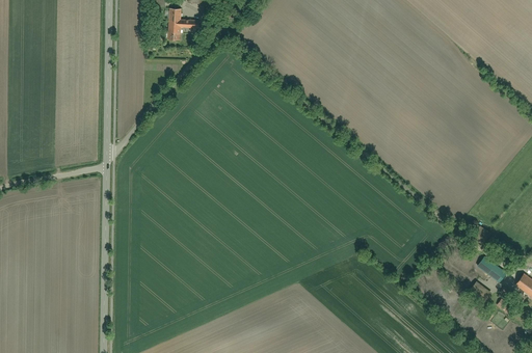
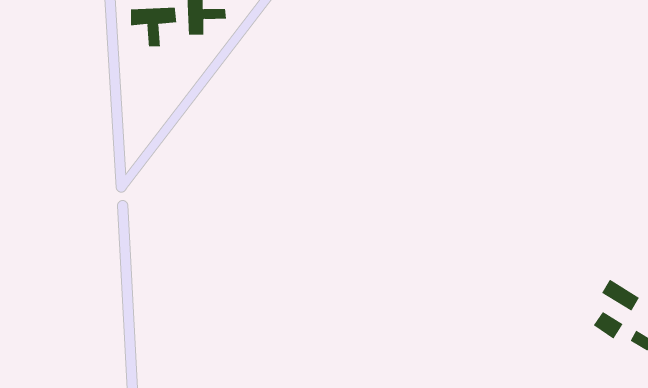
building: none -> [130,7,177,47]

